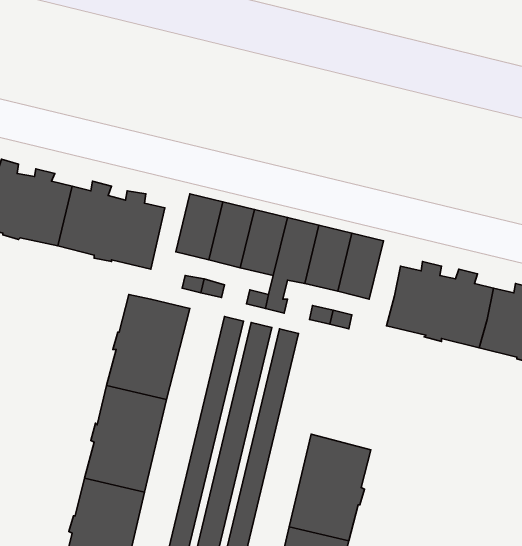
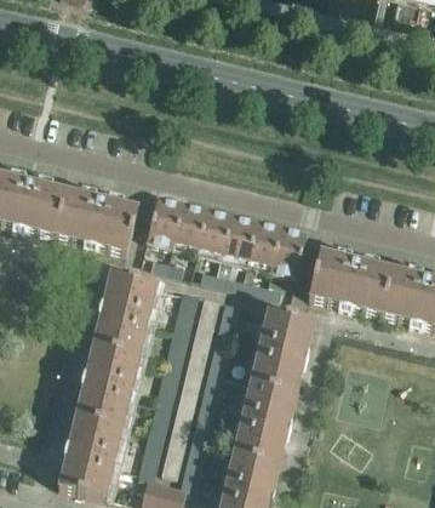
building: none -> [250,312,313,394]

